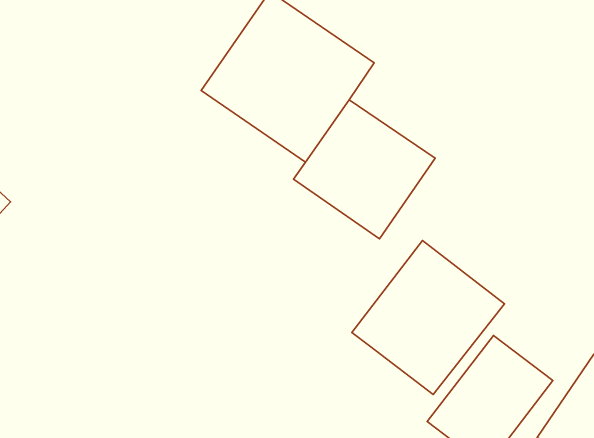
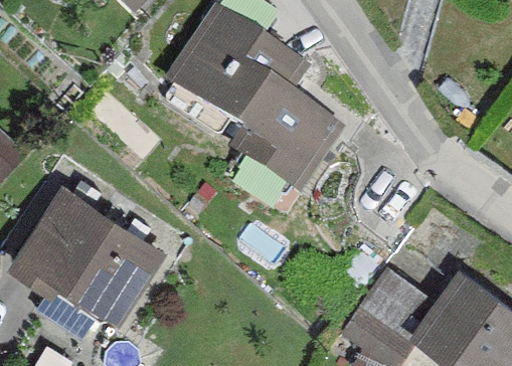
building: none -> [19,182,169,327]
building: [352,240,504,394] -> none

